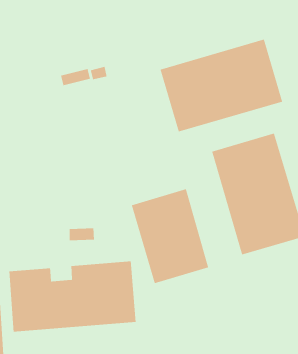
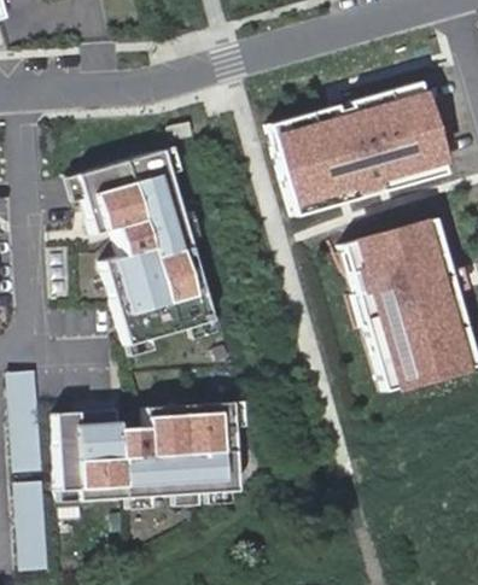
building: none -> [75,147,212,345]
building: [131,188,209,284] -> none

